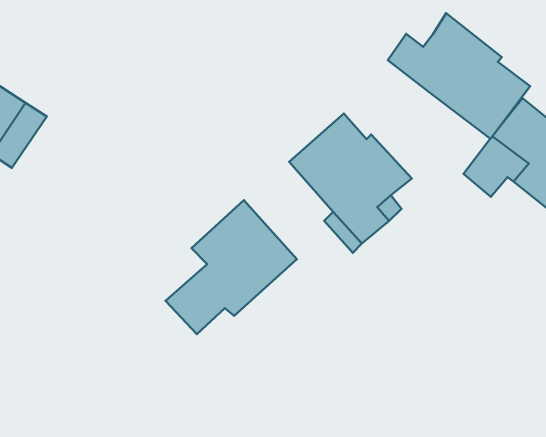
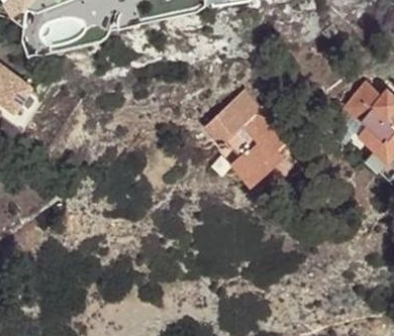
building: [388,13,530,139] -> none
building: [166,200,297,334] -> none

